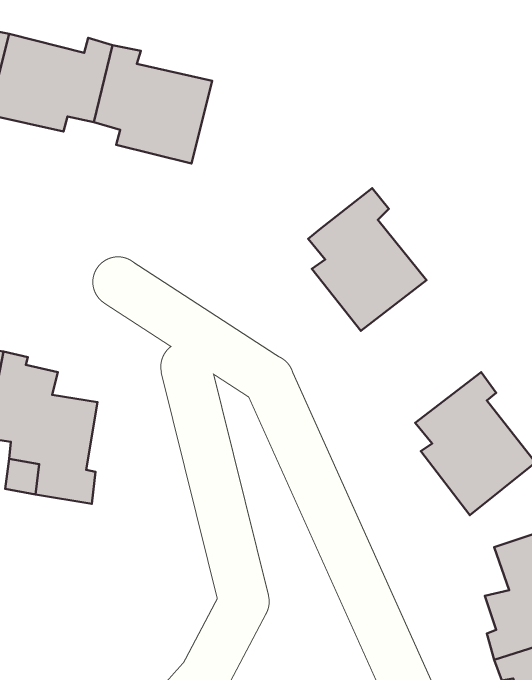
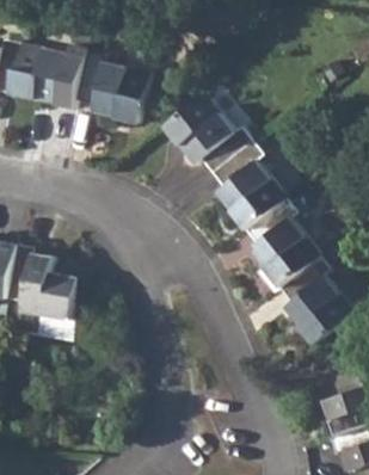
building: none -> [162,93,252,172]
building: none -> [245,198,321,294]

